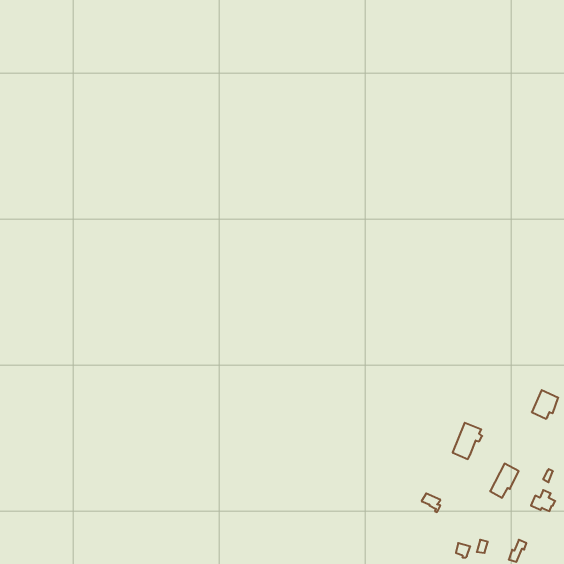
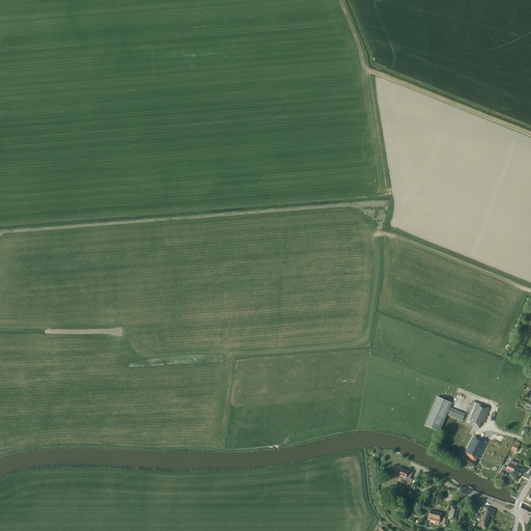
building: [532,390,558,419] -> [465,401,490,428]

